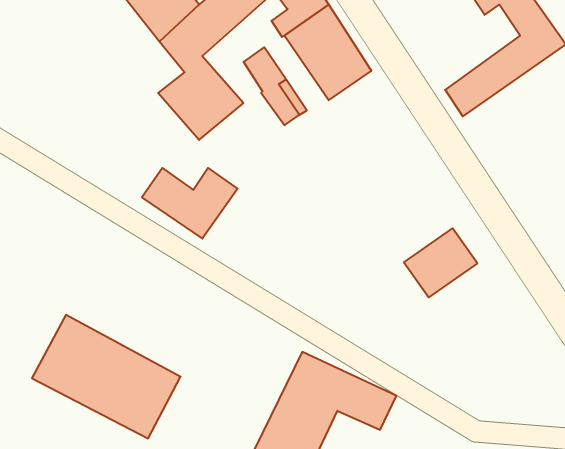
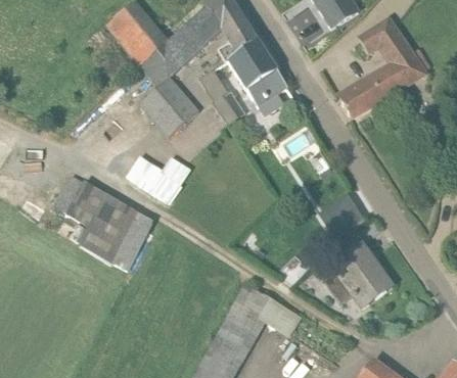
building: none -> [325,242,386,304]
building: [32,315,181,438] -> [47,175,150,261]

